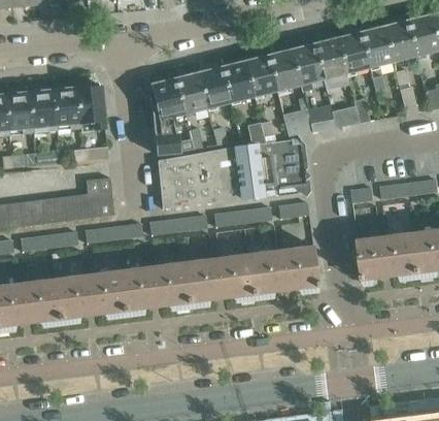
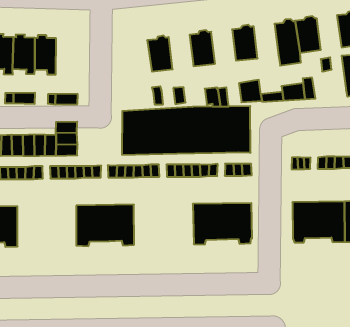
building: [362,26,393,67] -> none
building: [293,42,324,85] -> none
building: [246,54,277,96] -> none
building: [200,66,231,107] -> none
building: [150,76,188,154] -> none
building: [75,83,104,131] -> none
building: [182,254,254,306] -> none
building: [54,270,124,323] -> none

